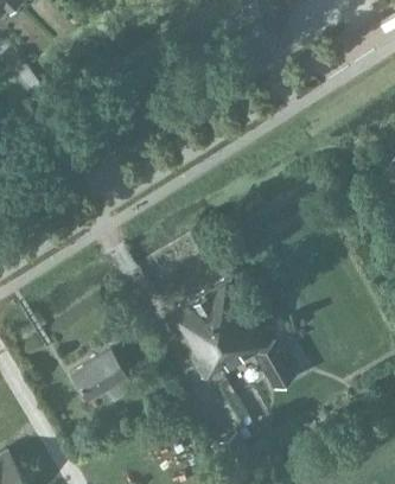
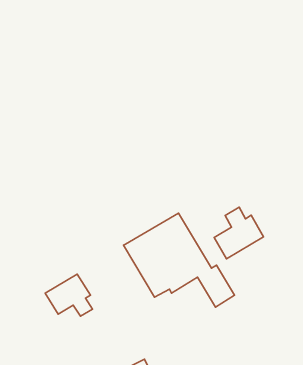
building: none -> [214,207,263,259]

